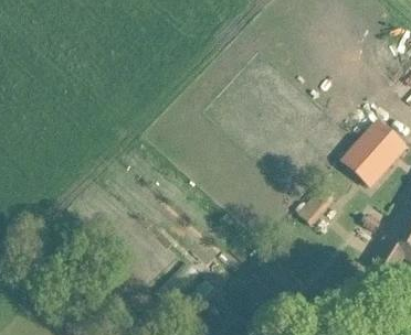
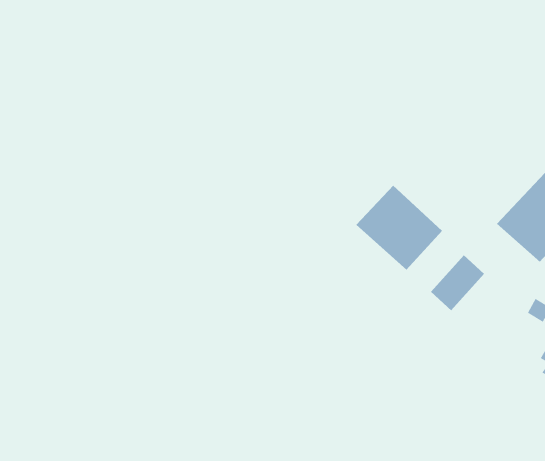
building: none -> [356,185,443,271]

